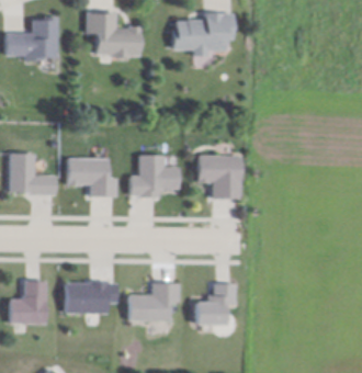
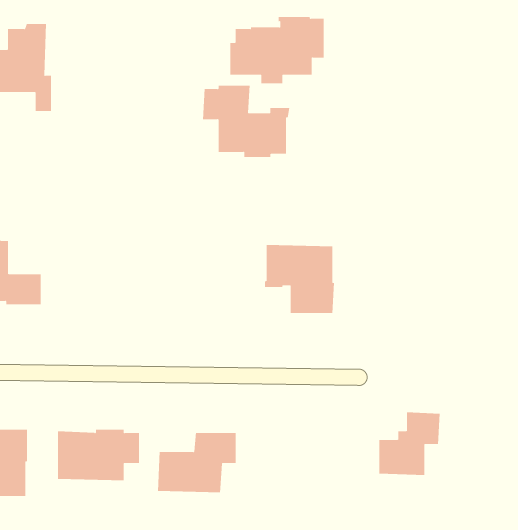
building: [87,13,143,59] -> [202,85,290,158]
building: [131,158,179,201] -> none
building: [68,161,116,200] -> none
building: [196,279,236,319] -> [379,412,441,476]

